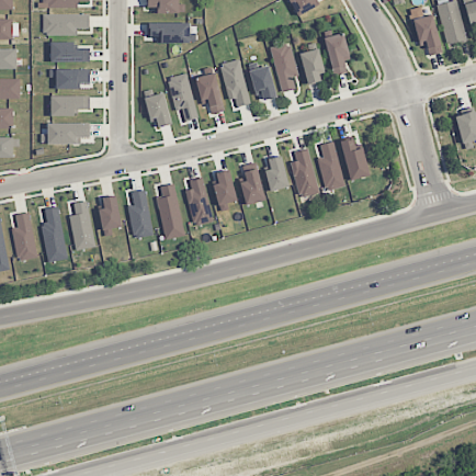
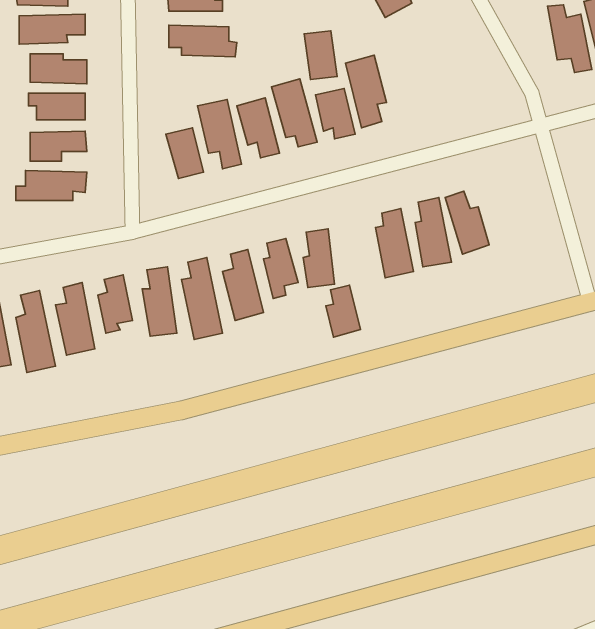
building: [326,33,348,73] -> none
building: [301,48,324,82] -> [304,31,337,80]
building: [264,155,288,191] -> [326,285,360,337]

